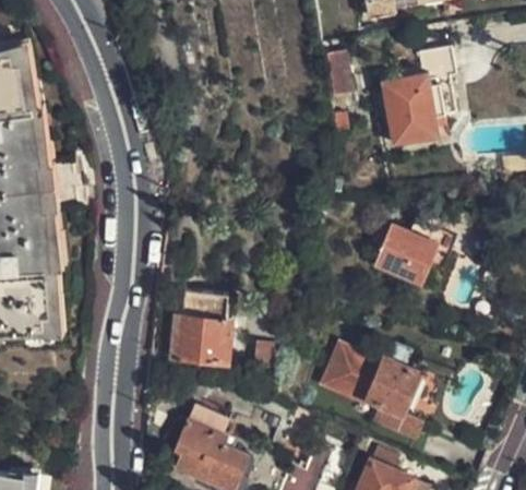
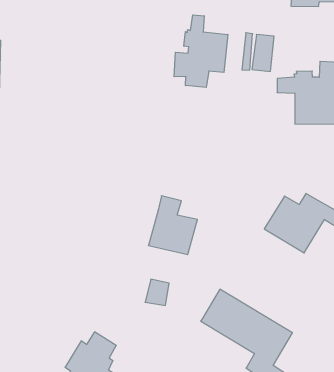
building: none -> [174,15,228,87]
building: [180,303,229,363] -> [148,196,197,255]

